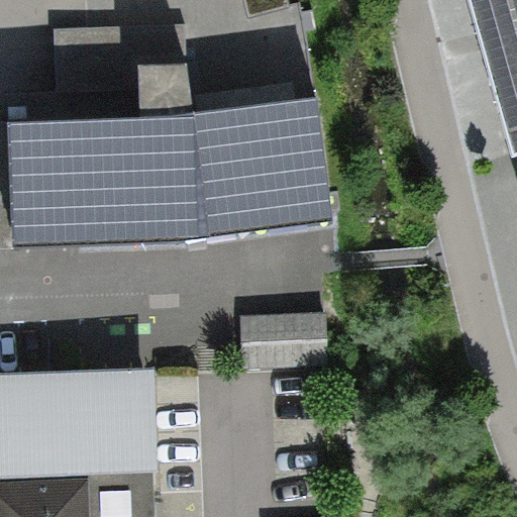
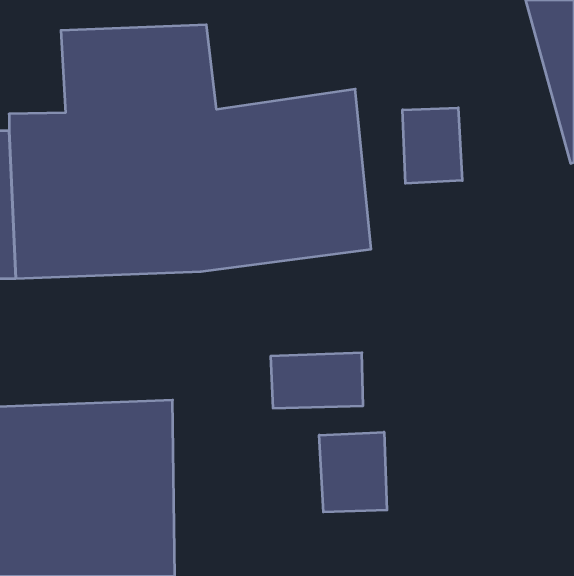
building: none -> [403,108,462,183]
building: none -> [319,432,387,512]

